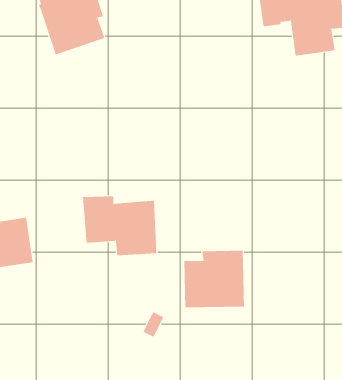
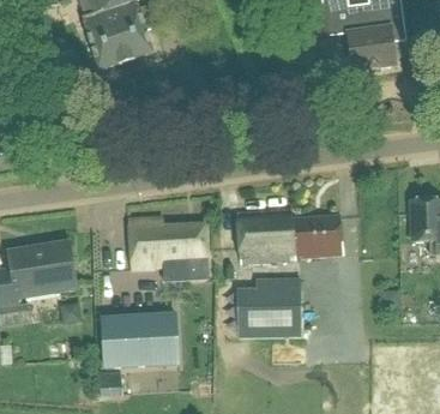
building: none -> [237,209,343,263]
building: none -> [98,310,177,366]

